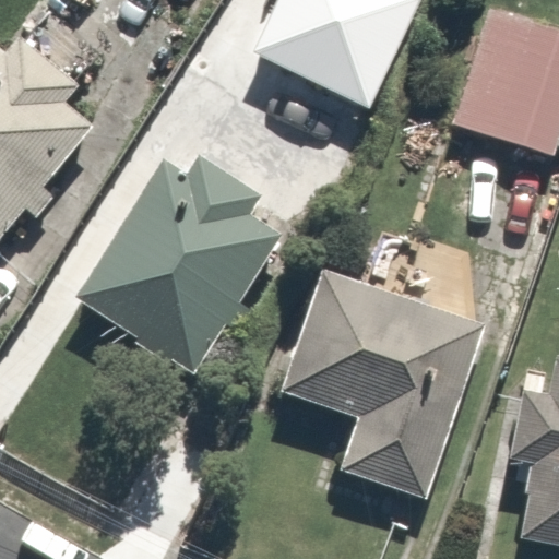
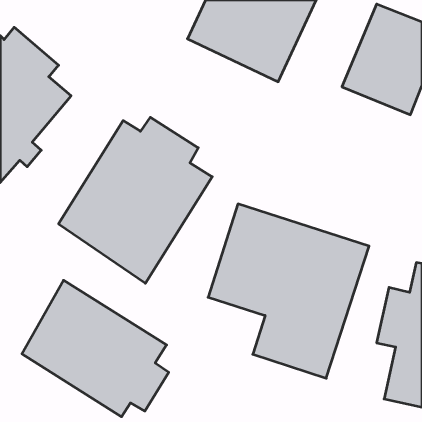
building: none -> [22,280,169,417]

